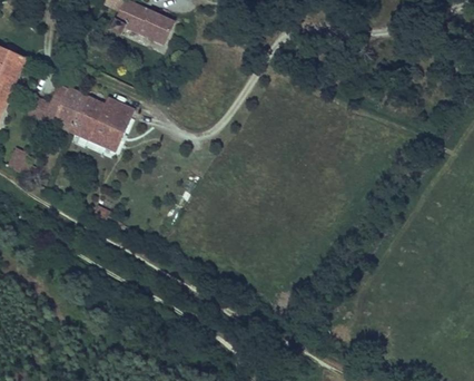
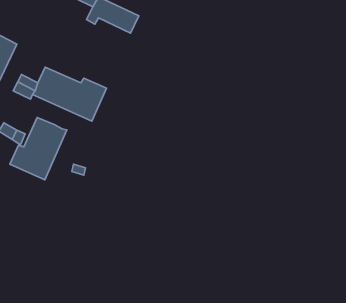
building: none -> [10,117,67,180]

